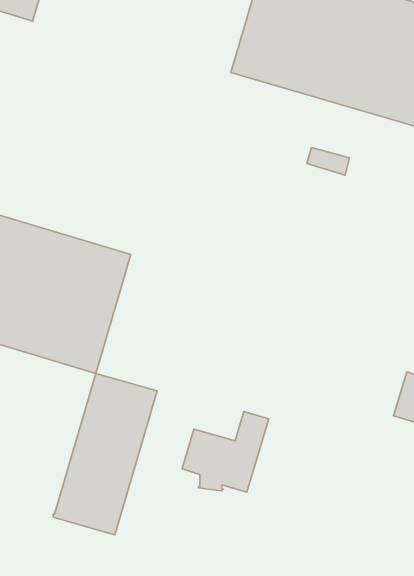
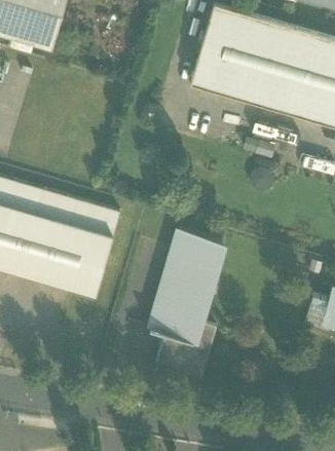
building: [53,373,157,535] -> [149,230,222,343]

